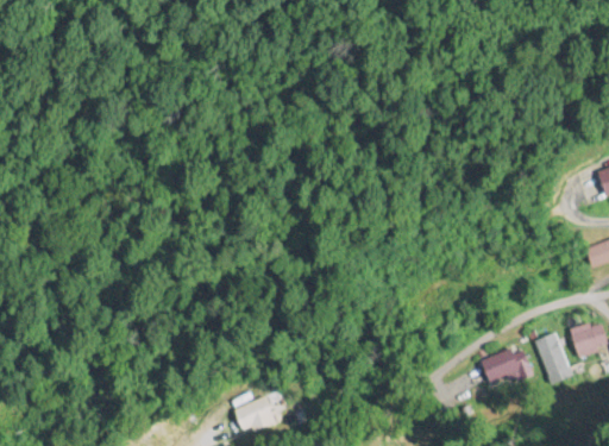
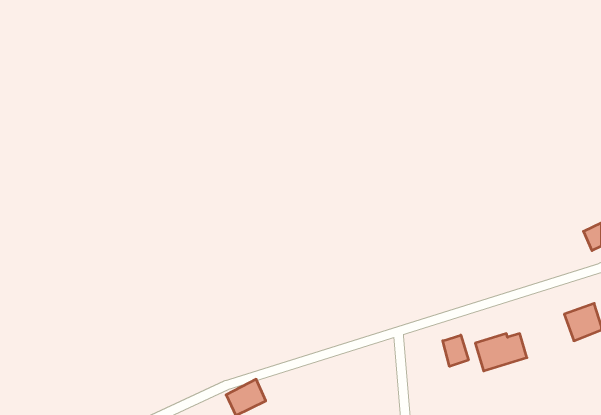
building: [534,332,570,377] -> none
building: none -> [443,335,468,366]

